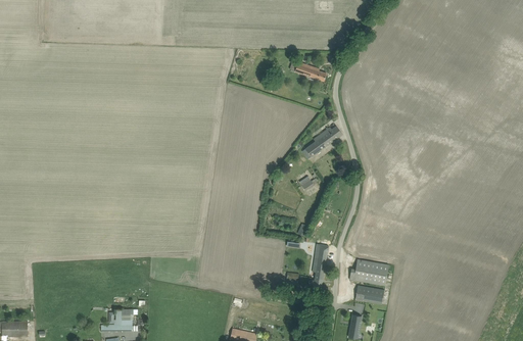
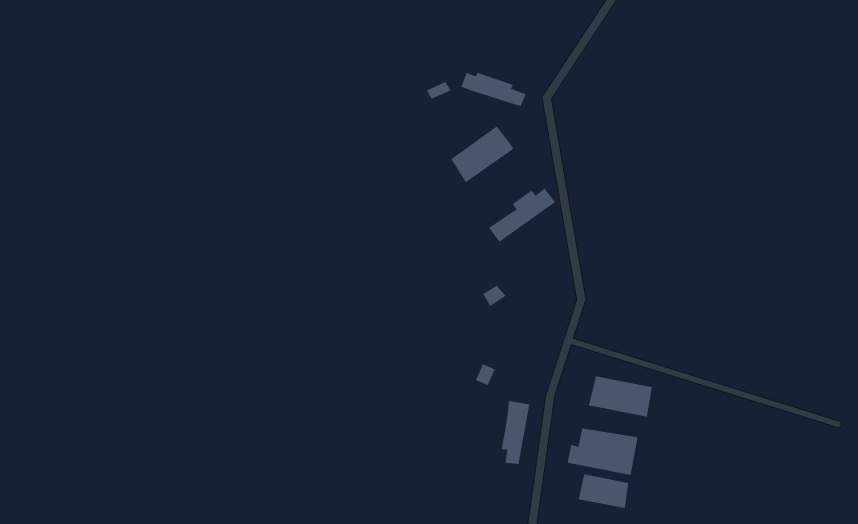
building: none -> [450,125,514,183]
building: none -> [588,376,653,418]

